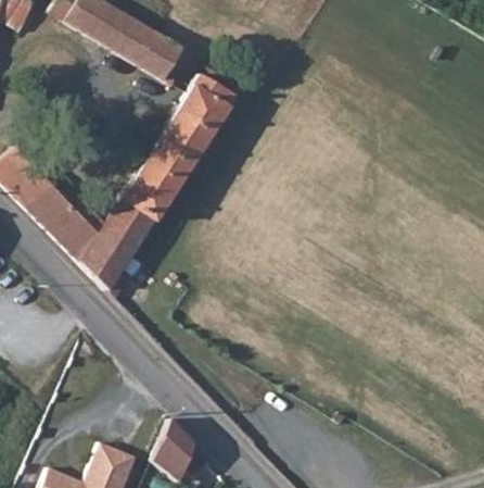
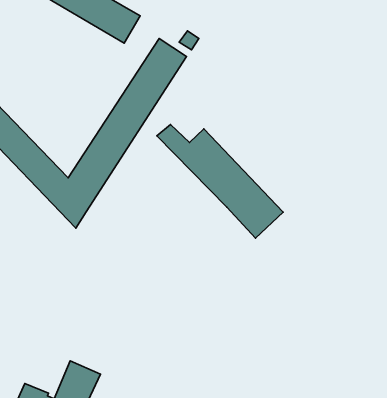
building: none -> [157,124,283,238]
building: [153,421,194,481] -> none

